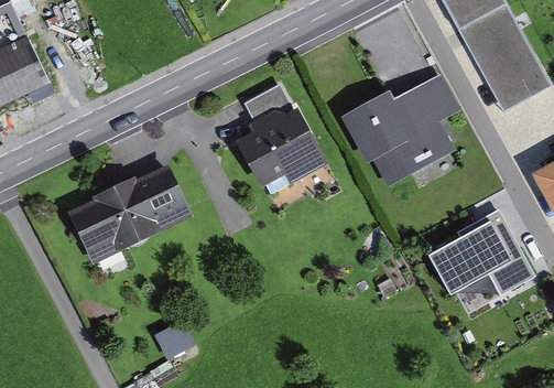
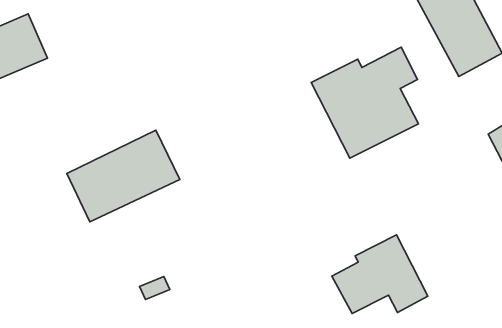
building: [235,83,319,191] -> none
building: [430,207,534,293] -> [332,235,428,313]

